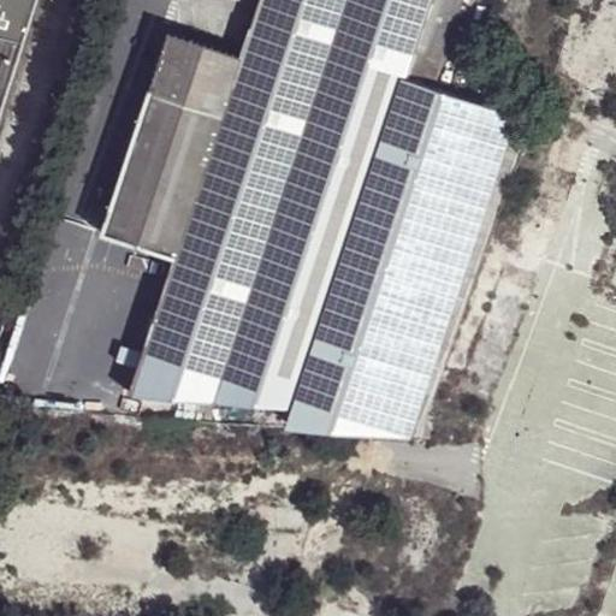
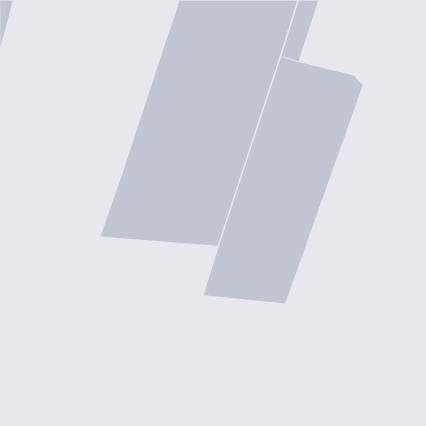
building: [100,36,238,261] -> none
building: [128,343,314,410] -> none

